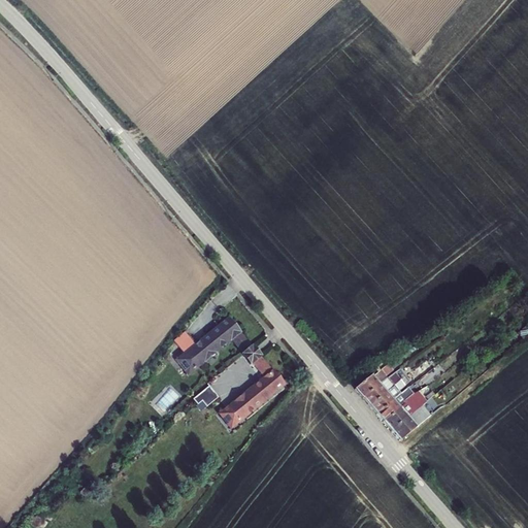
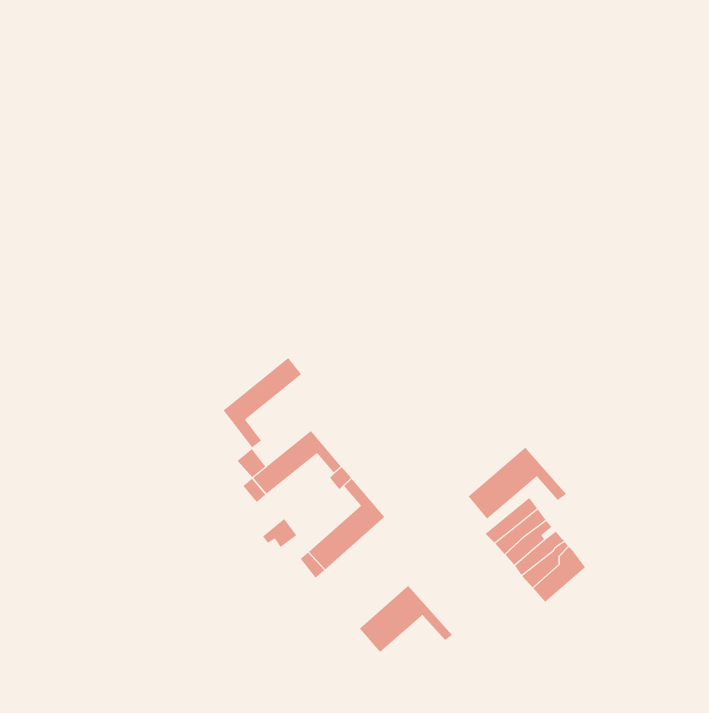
building: none -> [223,357,302,448]
building: none -> [468,447,567,519]
building: none -> [359,585,453,653]

